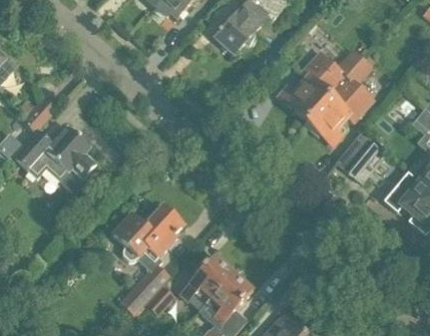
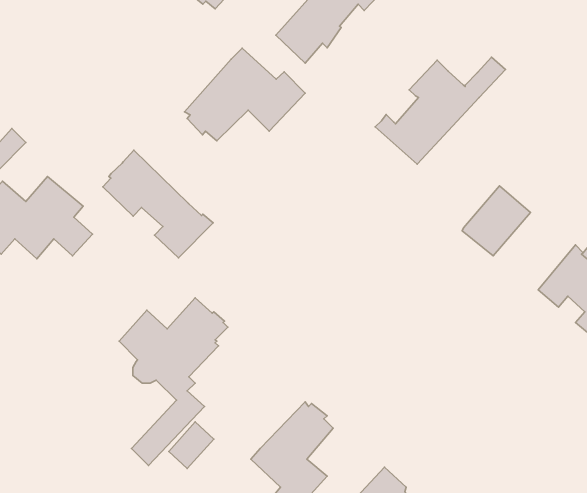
building: none -> [185,48,305,141]
building: [306,58,375,136] -> none
building: none -> [103,150,213,258]
building: [179,255,234,310] -> none

